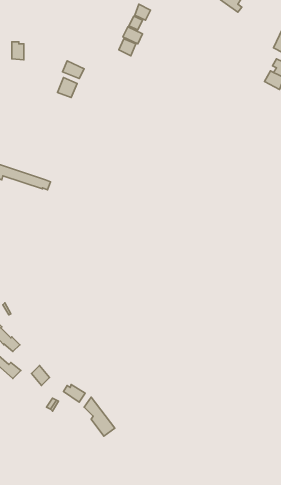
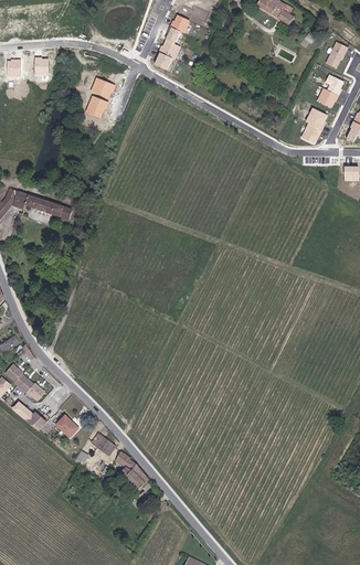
building: none -> [300,107,327,143]

